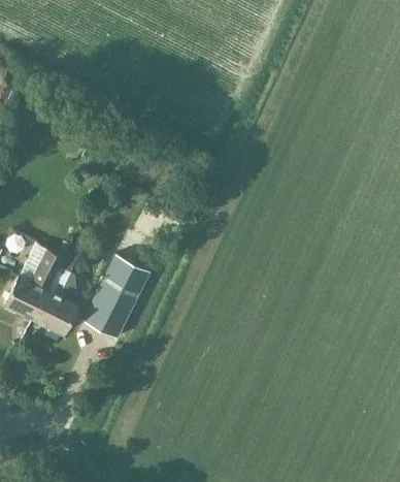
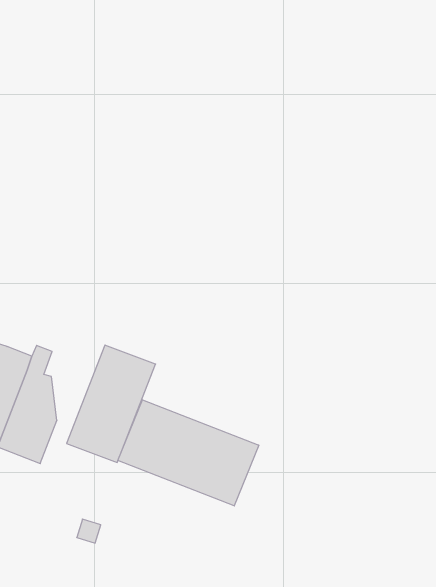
building: none -> [118,400,259,506]

